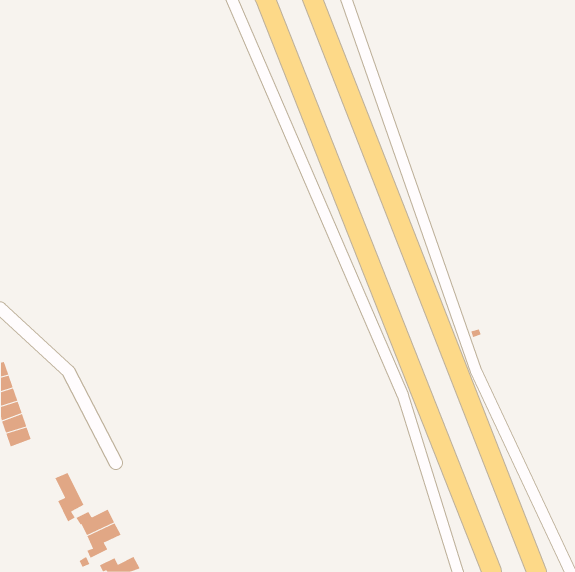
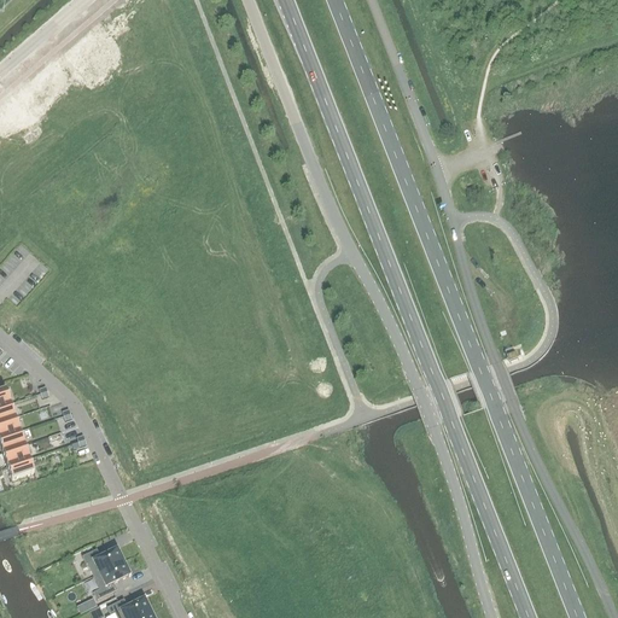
building: [54,472,84,522] -> none

